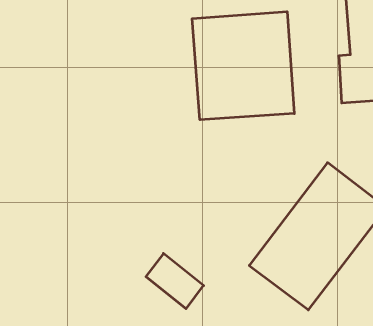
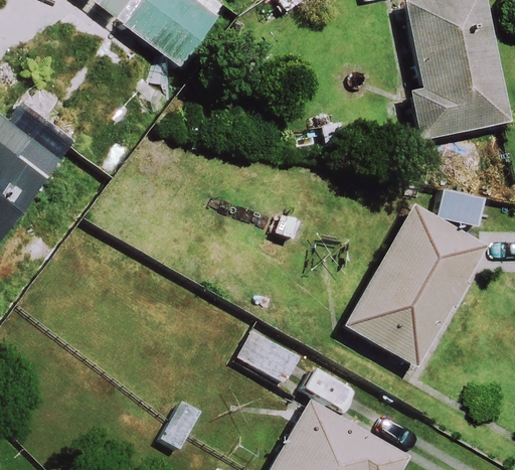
building: [192,12,294,120] -> none

